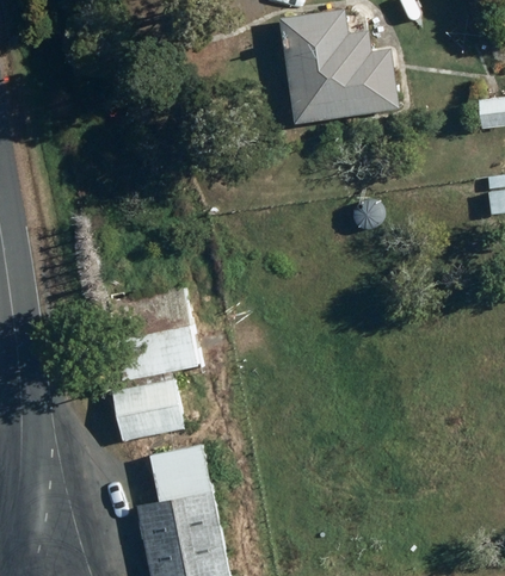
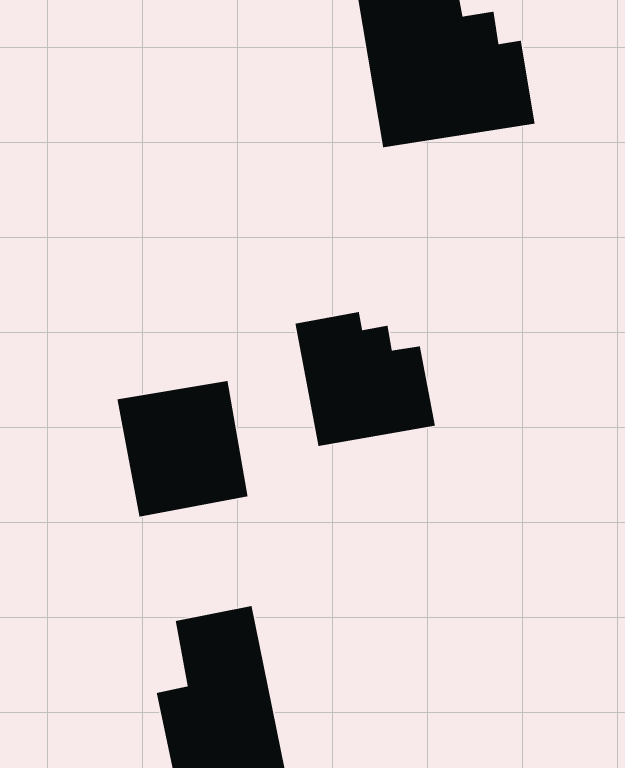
building: none -> [295,311,436,447]
building: [112,380,186,441] -> none

